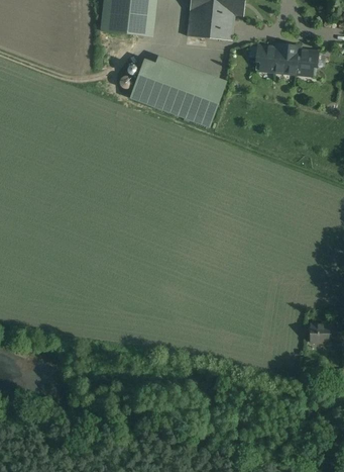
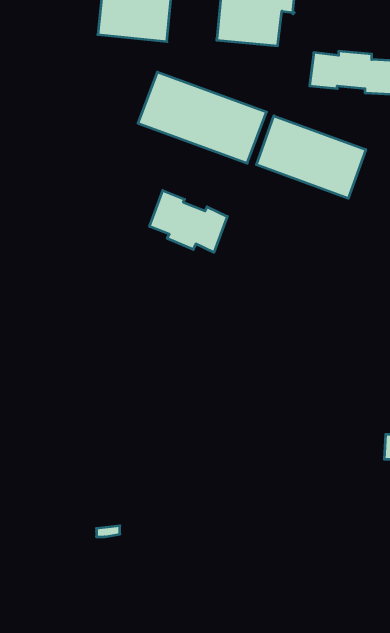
building: none -> [256,116,366,198]
building: none -> [150,190,227,252]

